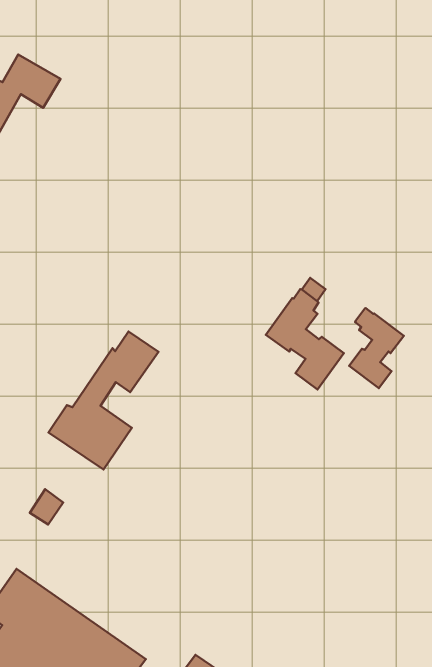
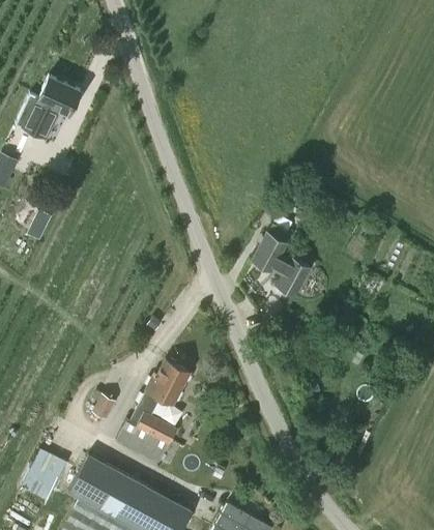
building: [349,308,404,388] -> none
building: [48,332,159,470] -> [116,360,191,464]

